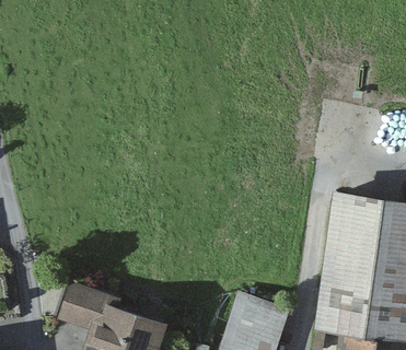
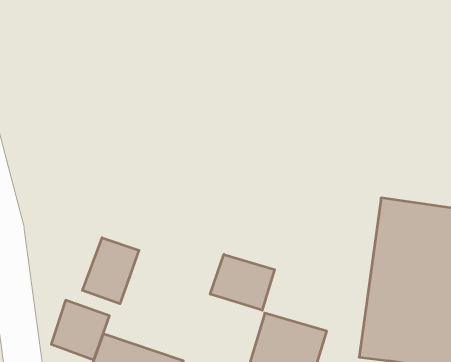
building: none -> [82,238,139,304]
building: none -> [210,254,275,310]

